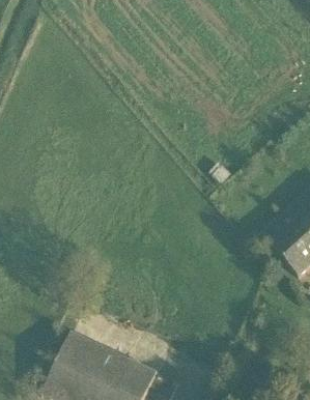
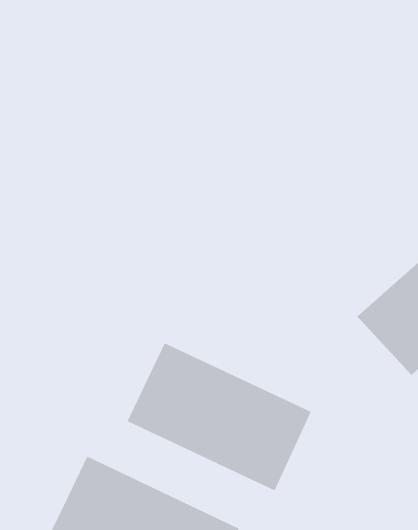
building: none -> [127,343,312,491]

